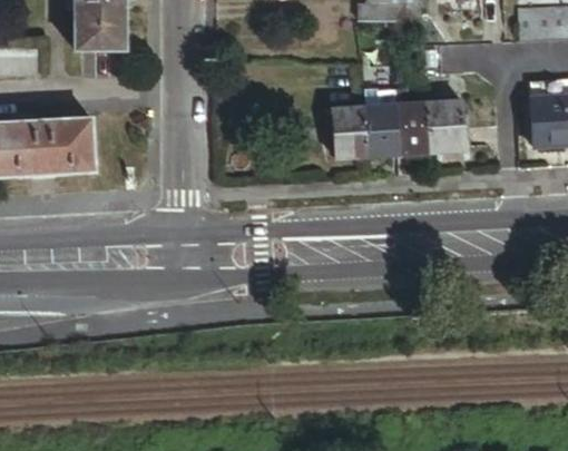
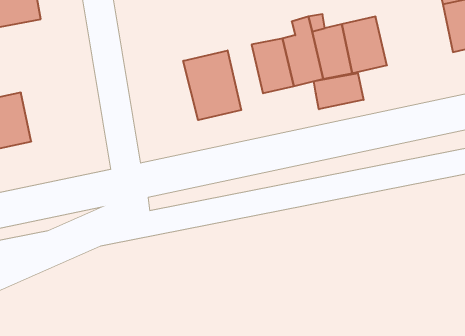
building: none -> [183,50,241,120]
building: none -> [314,73,364,109]

